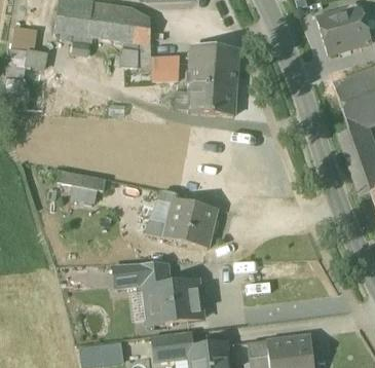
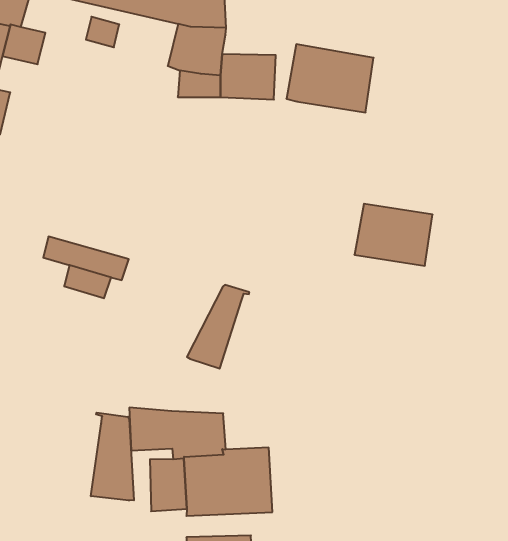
building: [193,79,236,112] -> [354,204,433,266]
building: [164,196,217,247] -> none
building: none -> [91,413,134,501]

